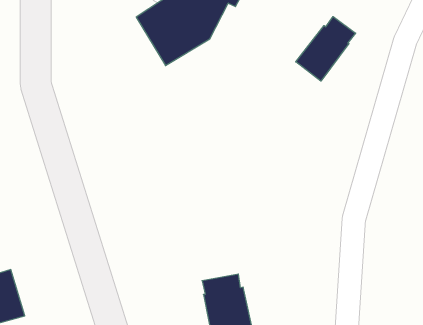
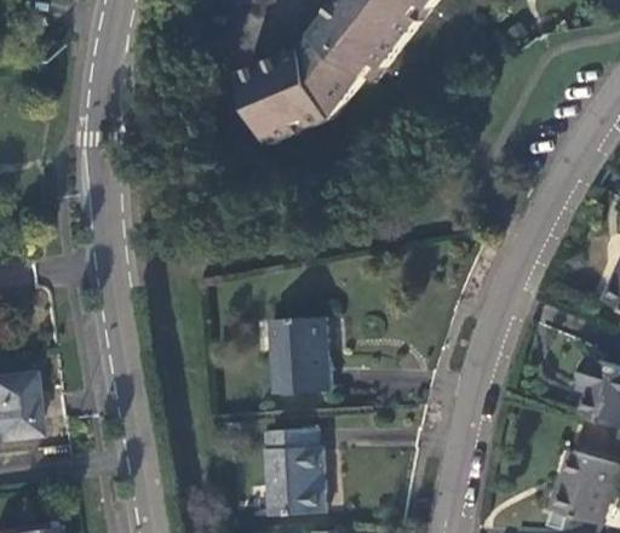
building: [296,17,356,81] -> none
building: none -> [269,314,329,390]

